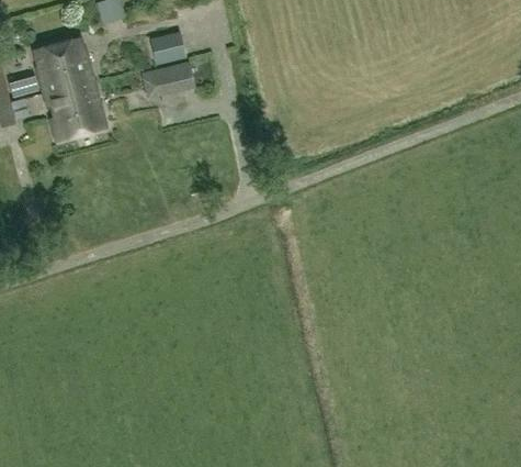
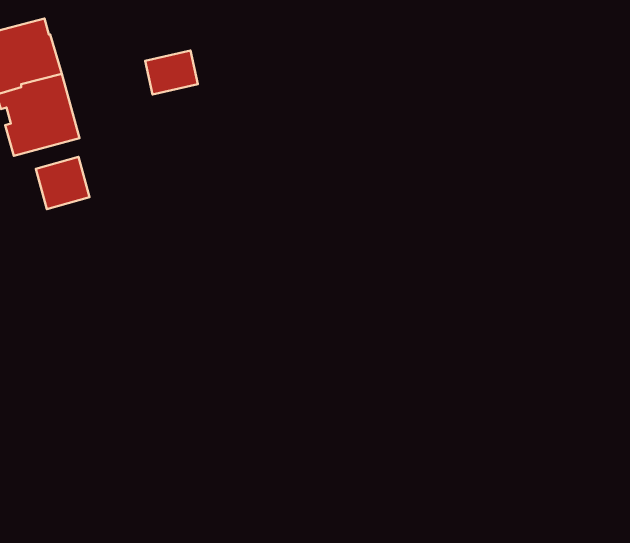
building: [149,32,186,66] -> none
building: none -> [36,157,90,209]

